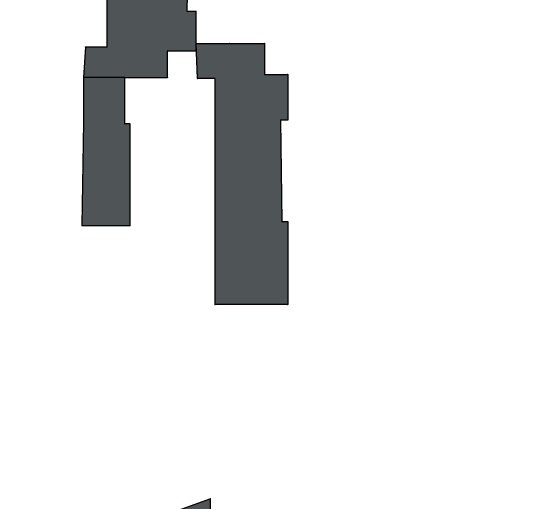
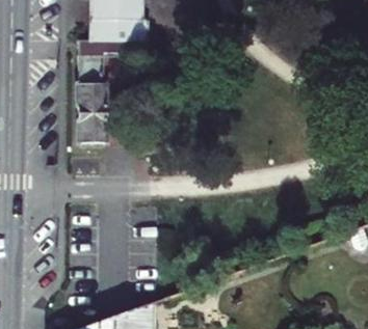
building: [196,43,288,305] -> none

